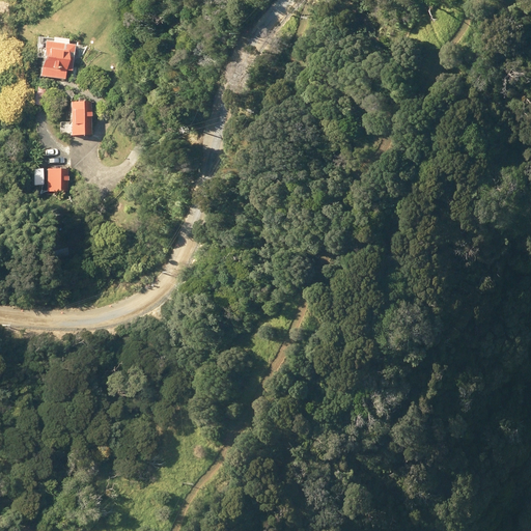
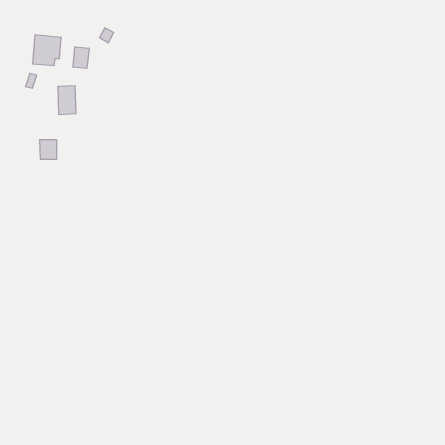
building: none -> [73,47,89,68]

